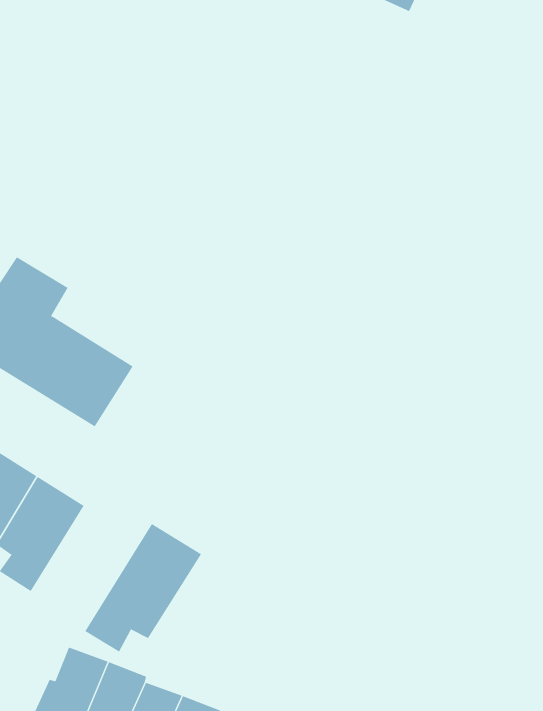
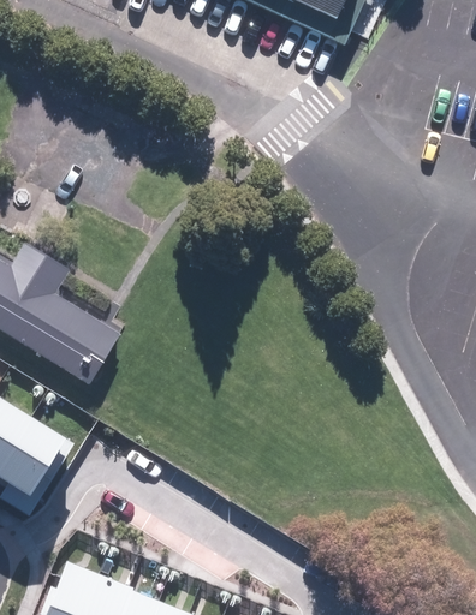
building: [85,523,202,652] -> none

